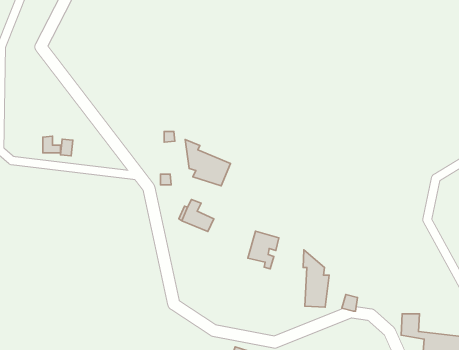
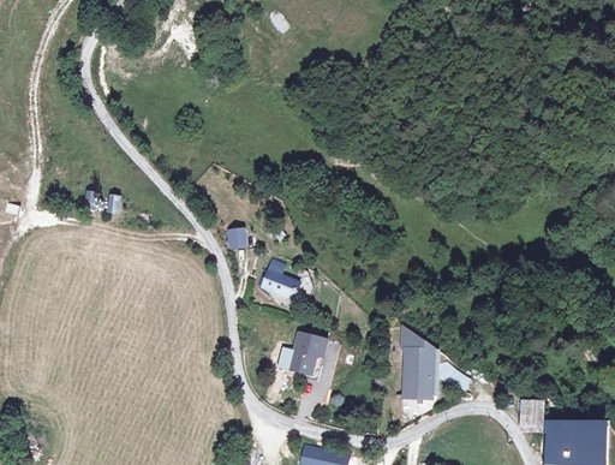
building: [185,139,231,186] -> none
building: [248,231,279,269] -> [287,326,326,372]

